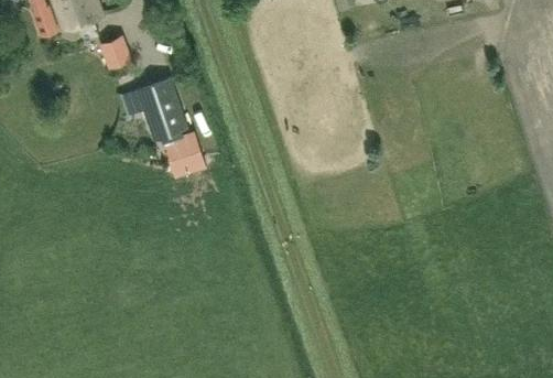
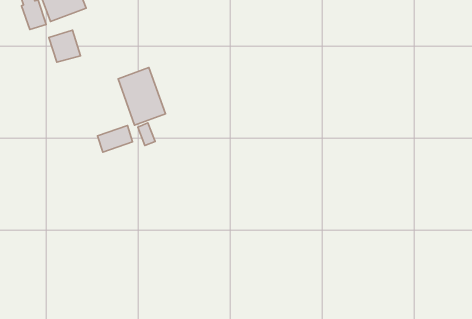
building: [99,34,133,68] -> [49,30,81,62]
building: [170,150,207,179] -> [98,126,133,152]

